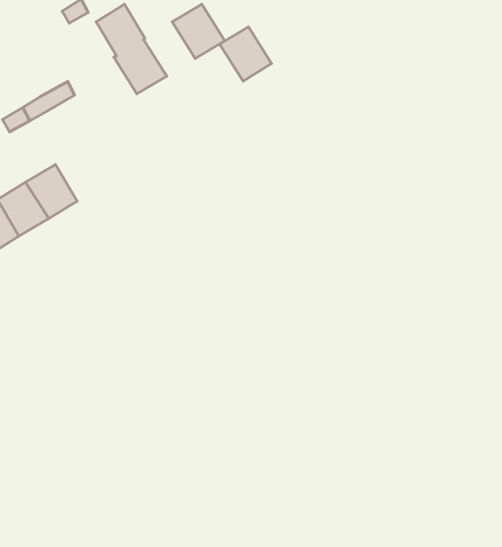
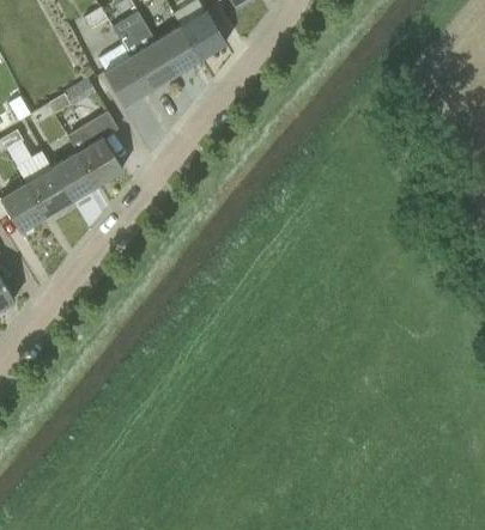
building: [220,27,272,81] -> [154,28,200,75]
building: none -> [103,59,148,106]
building: none -> [68,118,122,185]

